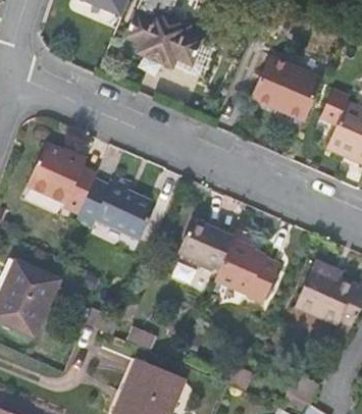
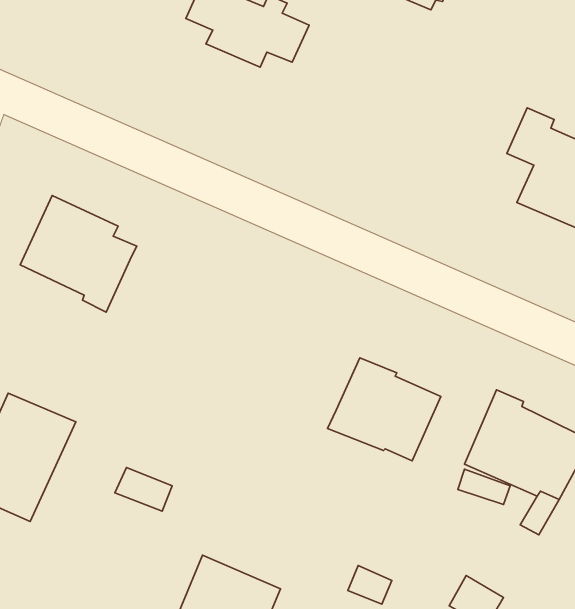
building: [253,55,323,120] -> none
building: [75,175,156,240] -> none
building: [176,219,234,272] -> none

